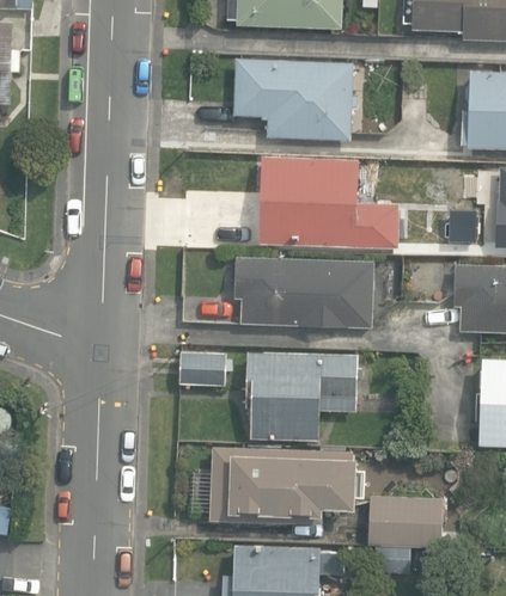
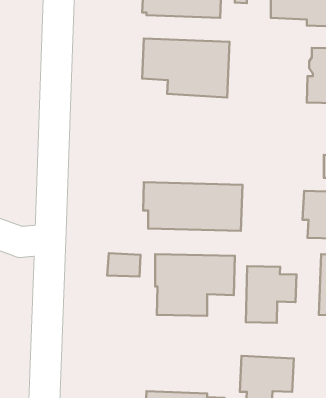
building: [257,155,397,245] -> none
building: none -> [246,266,296,323]
building: [213,450,358,528] -> none

